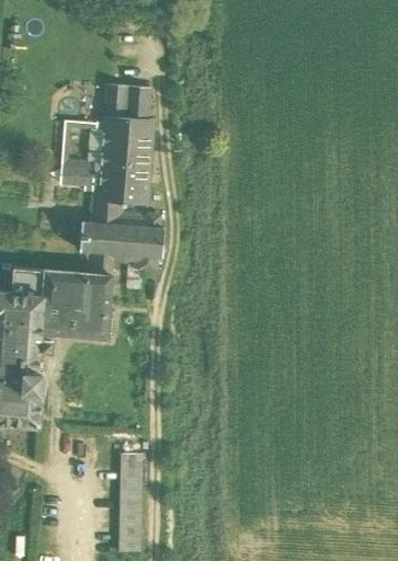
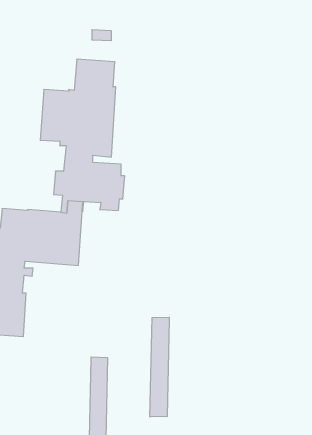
building: none -> [150,317,169,417]

